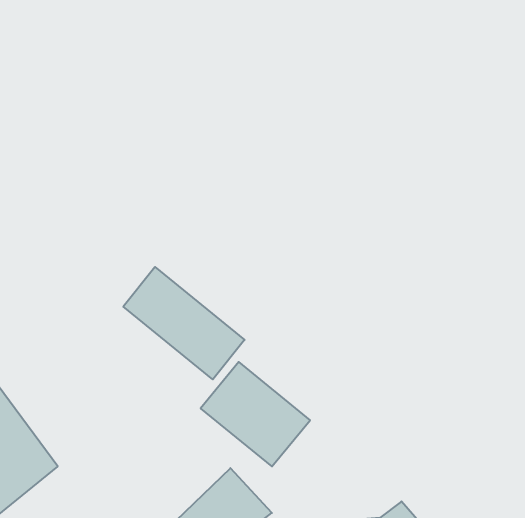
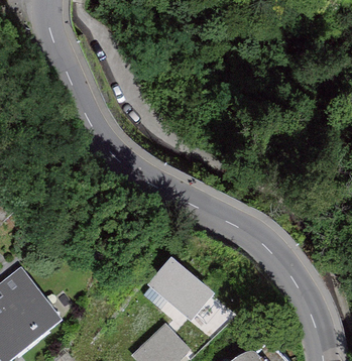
building: [123,267,245,379] -> none

